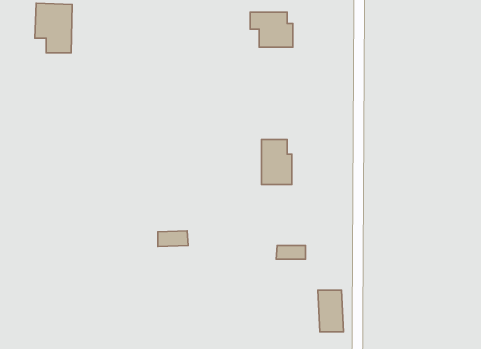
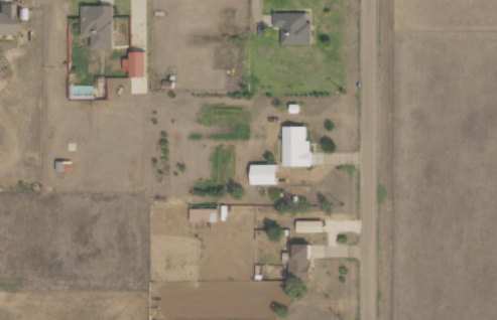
building: none -> [125,52,145,77]
building: none -> [250,165,275,185]
building: [318,290,344,332] -> [287,245,310,282]

